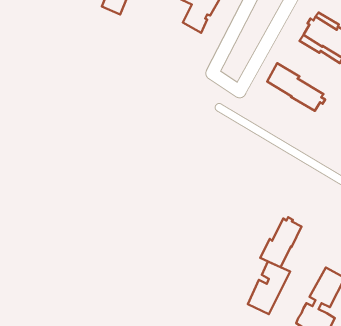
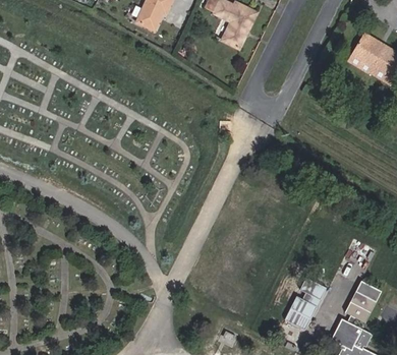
building: [267,63,325,111] -> none
building: [260,217,301,267] -> none

